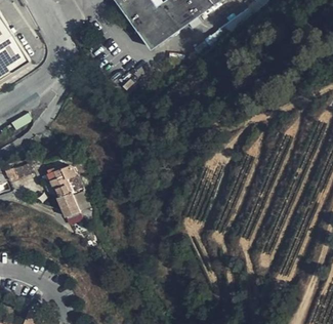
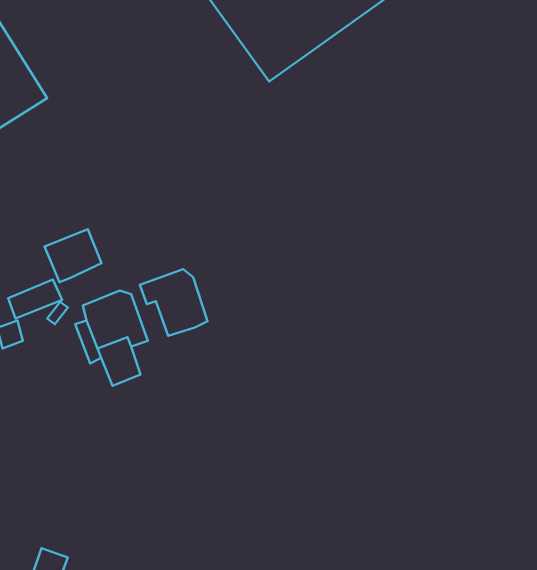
building: none -> [45,229,101,282]
building: none -> [140,269,208,336]

